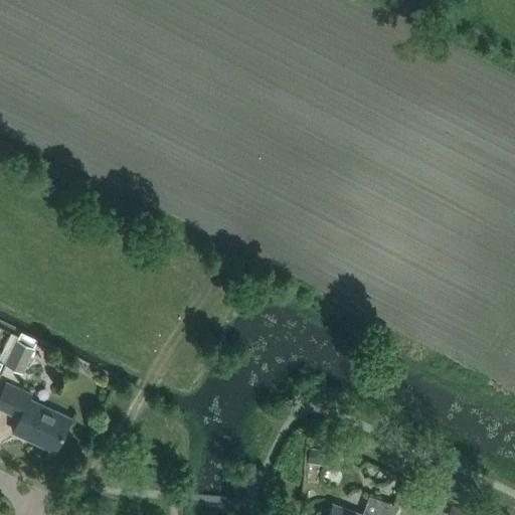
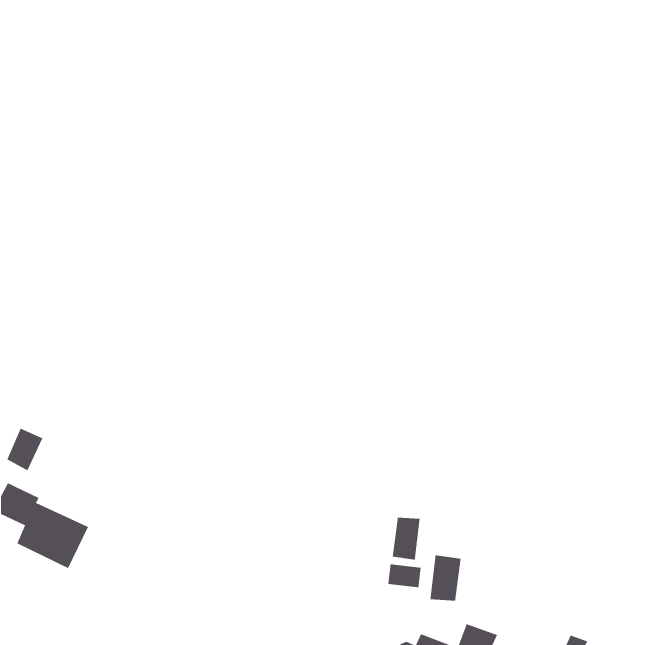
building: none -> [392,517,420,560]
building: none -> [430,555,461,601]

